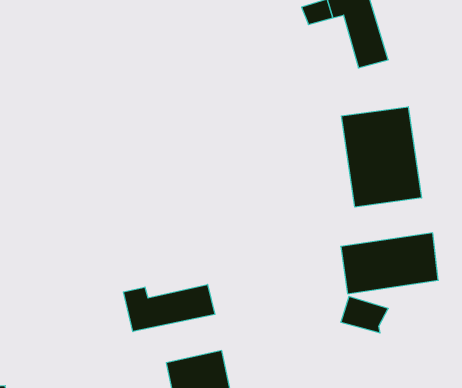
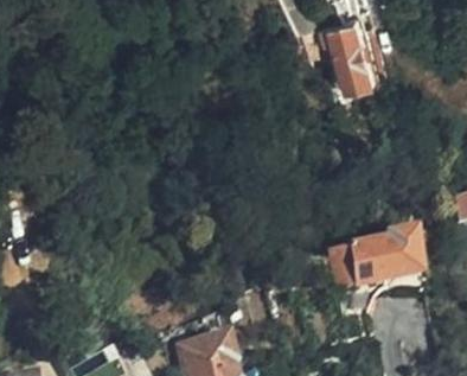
building: [342,107,422,207] -> none
building: [123,284,215,332] -> none

